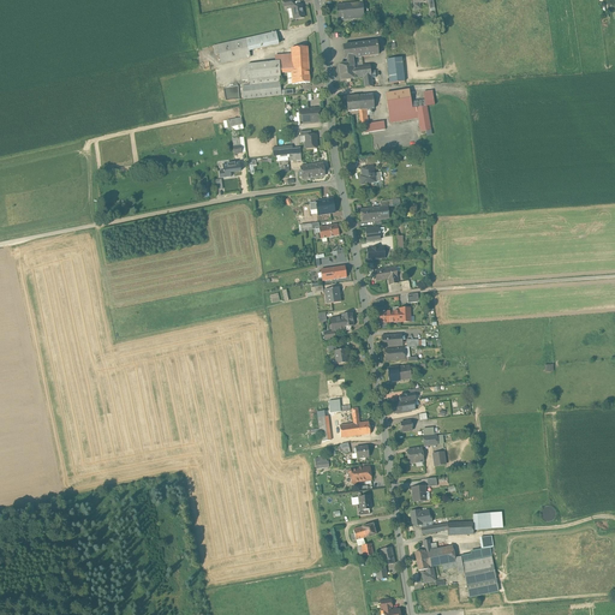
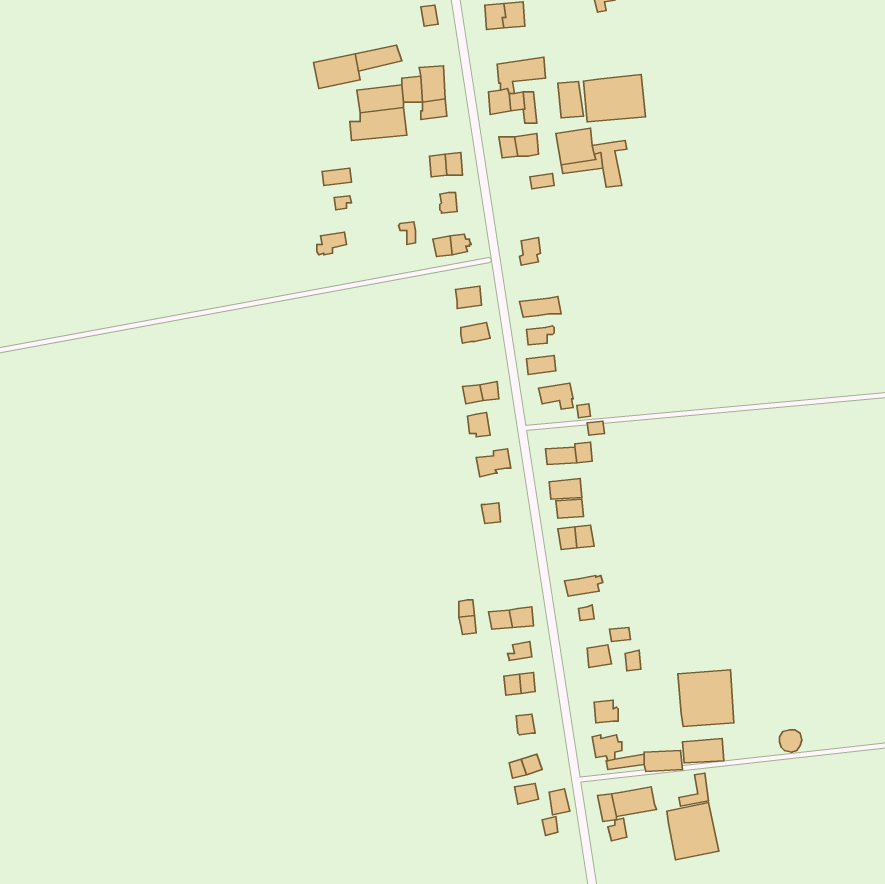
building: none -> [583,75,645,122]
building: none -> [678,670,734,726]

